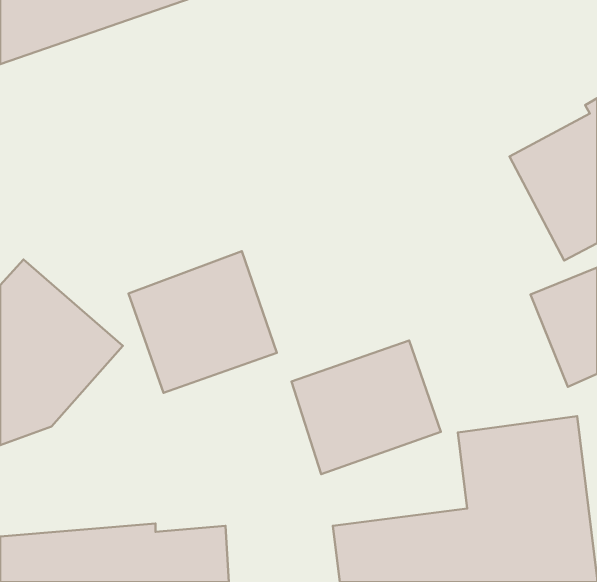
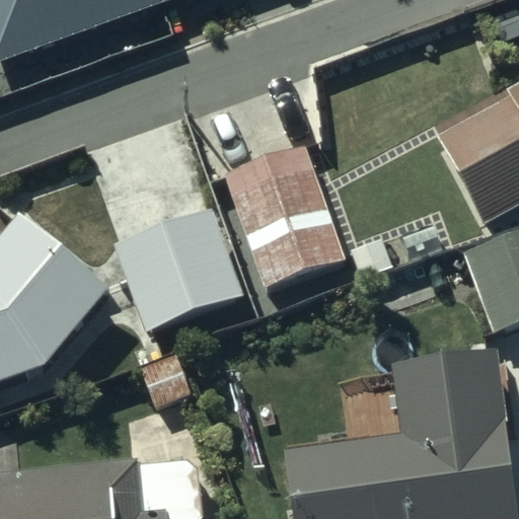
building: none -> [224,138,346,284]
building: [292,341,441,474] -> none

